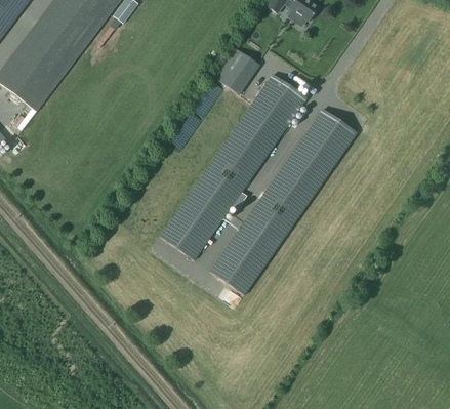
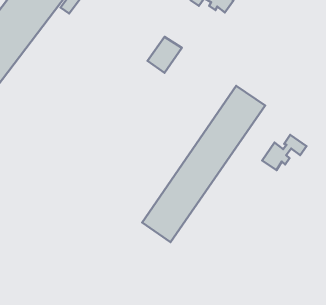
building: [160,73,306,259] -> none
building: none -> [262,135,306,170]

